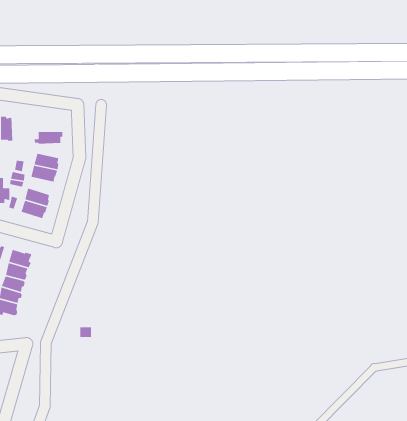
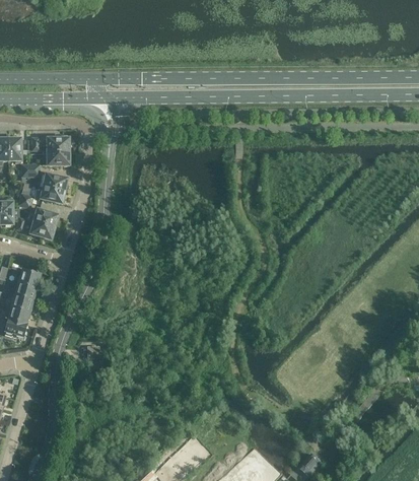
building: none -> [31,134,70,151]

